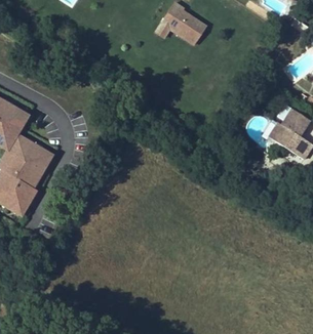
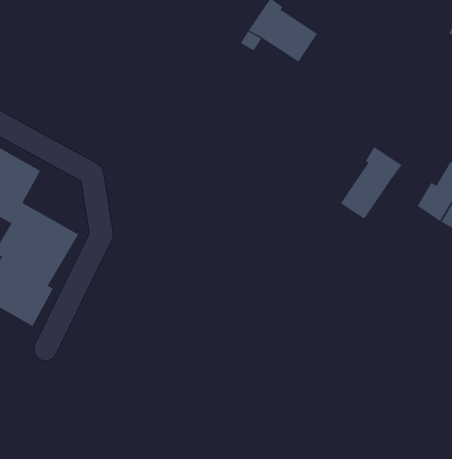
building: none -> [340,146,402,219]

